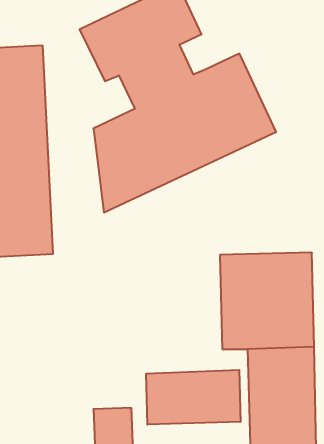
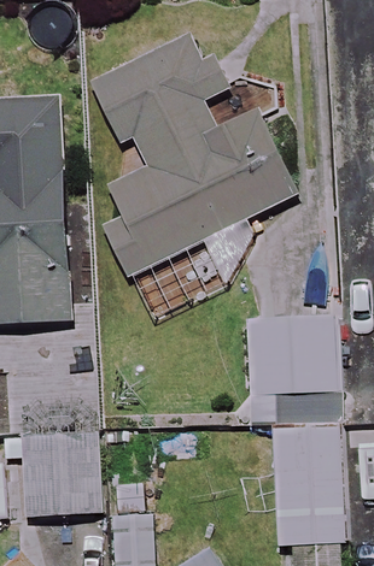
building: none -> [21,434,99,513]
building: [146,370,240,425] -> none

